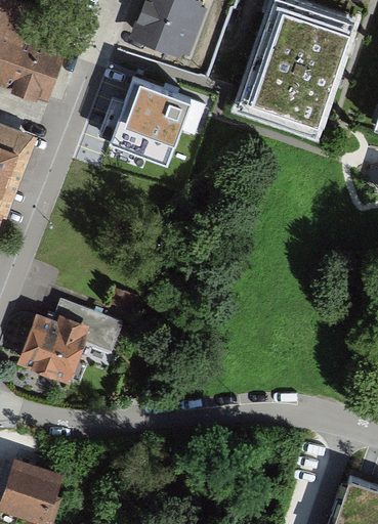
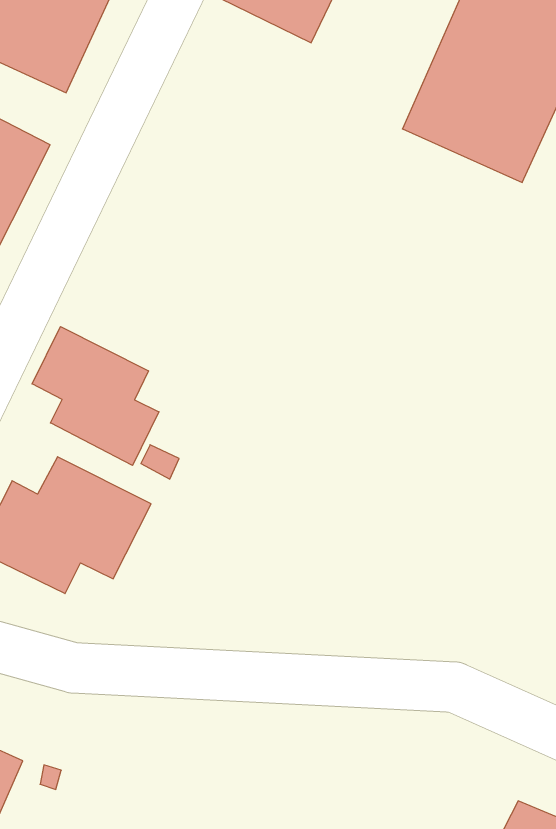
building: [92,82,198,179] -> none
building: none -> [32,327,159,465]

